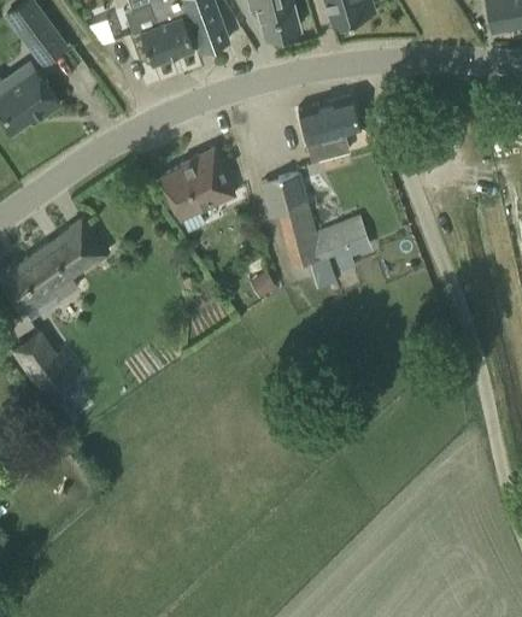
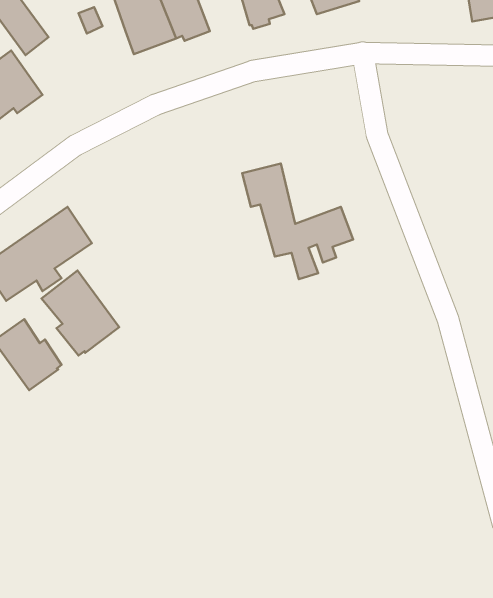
building: [298,95,362,163] -> none
building: [160,148,235,219] -> none
building: none -> [41,270,119,355]

